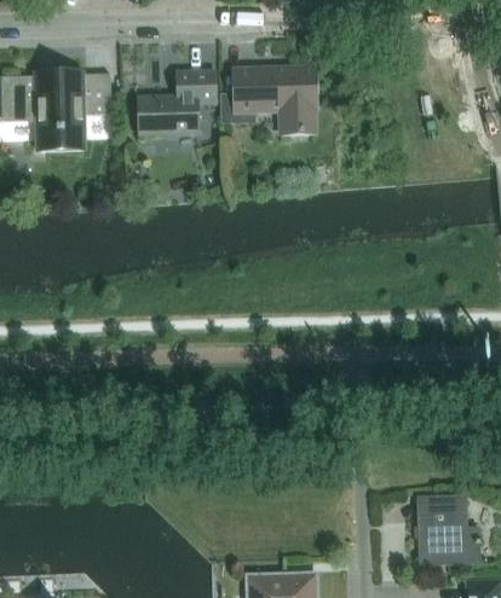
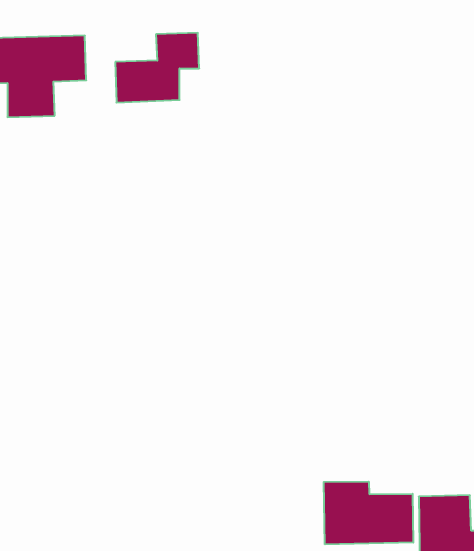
building: [220,68,315,133] -> none
building: none -> [324,482,413,544]

